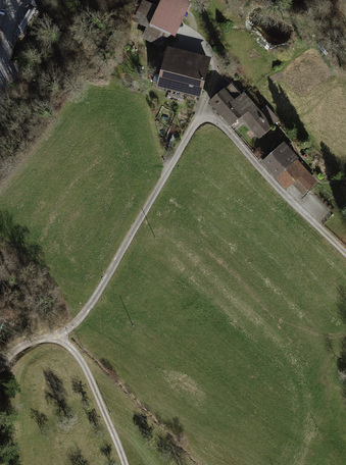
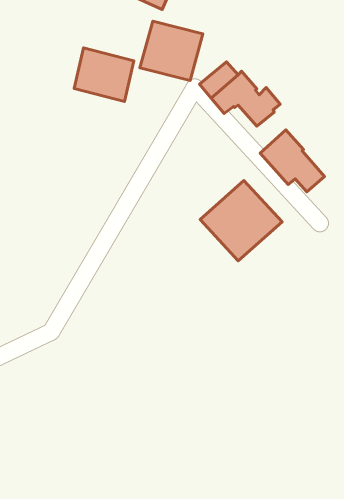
building: none -> [74,48,134,101]
building: none -> [200,180,282,261]

